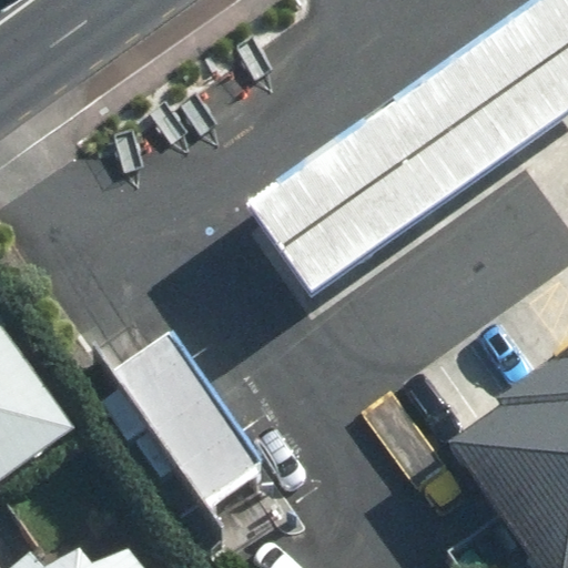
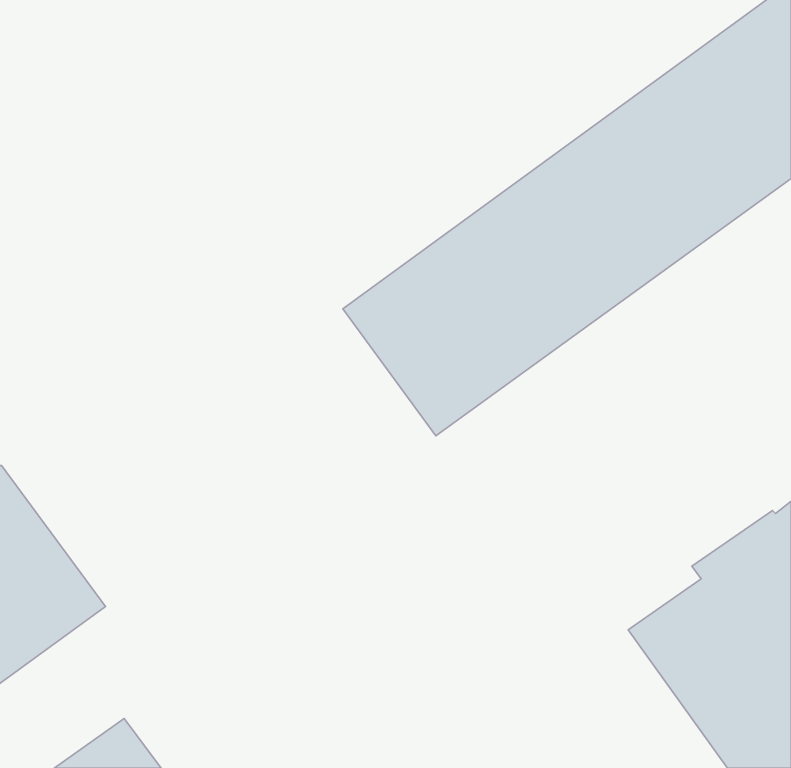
building: [112,338,263,511] -> none

